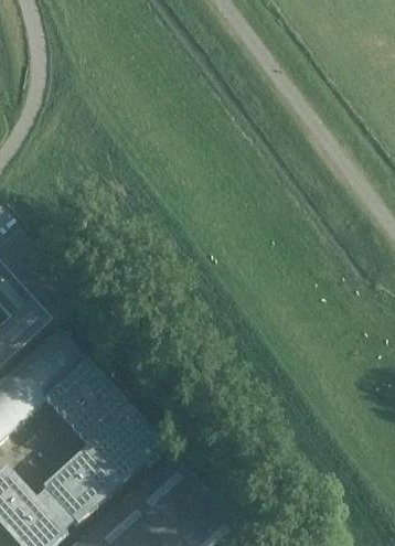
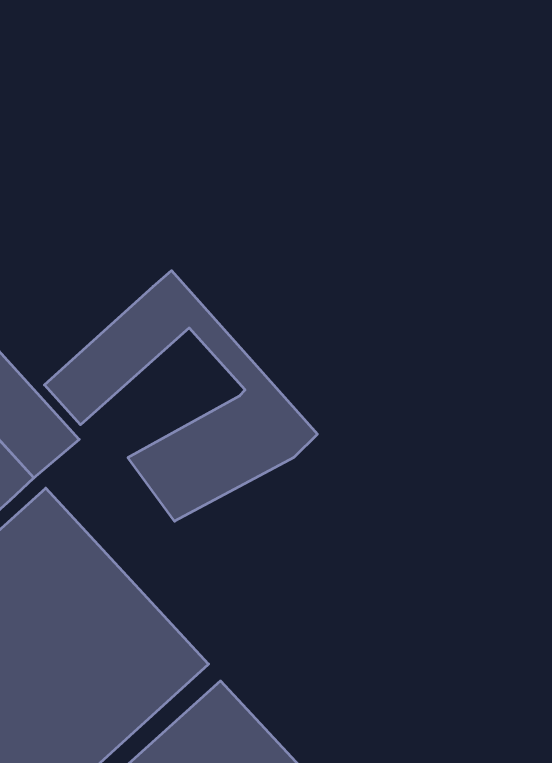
building: none -> [44,271,317,521]

